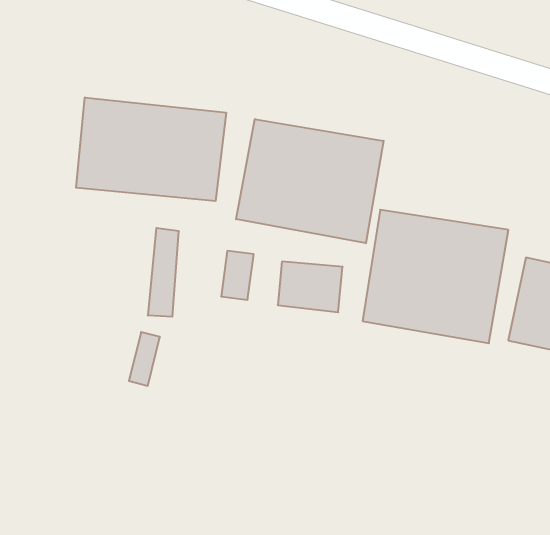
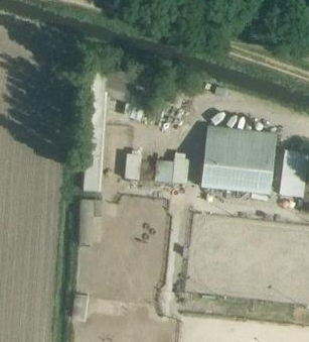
building: [76,97,226,201] -> none
building: [236,119,384,243] -> none

